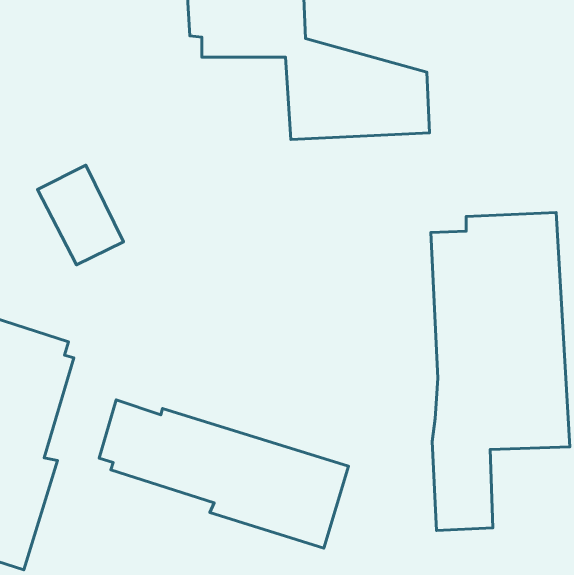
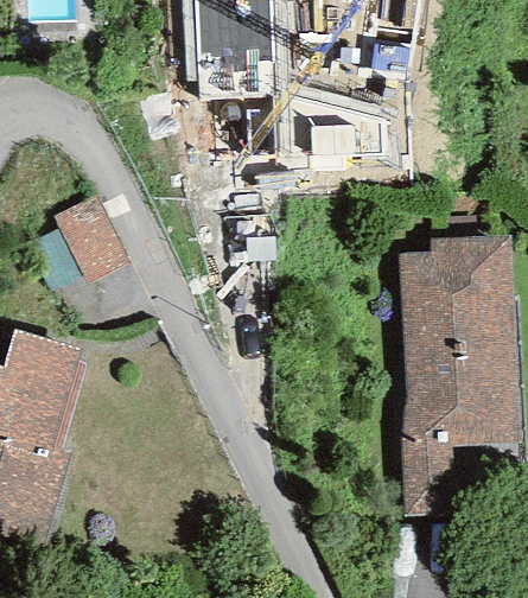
building: [99,400,349,548] -> none

